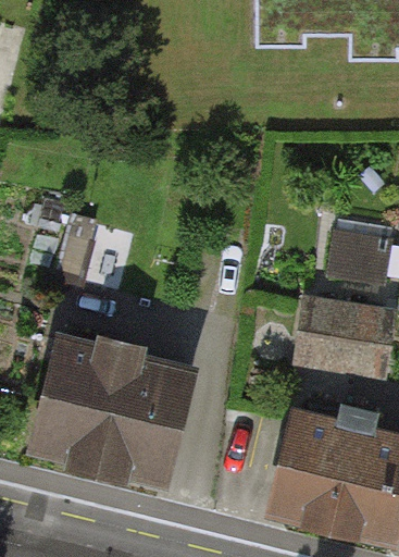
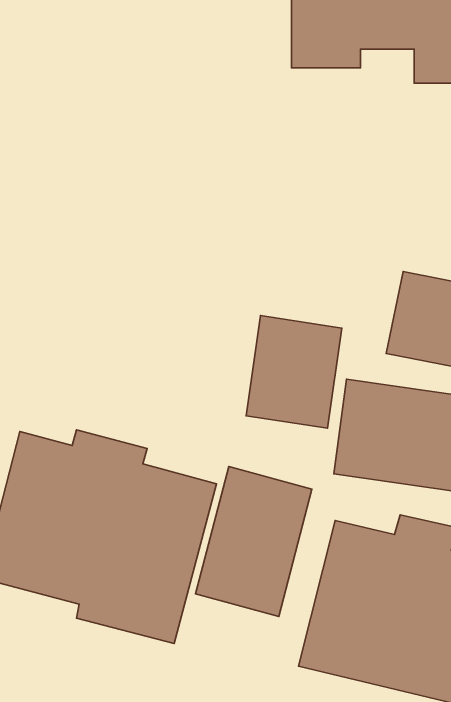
building: none -> [246,315,342,428]
building: none -> [196,467,312,616]

